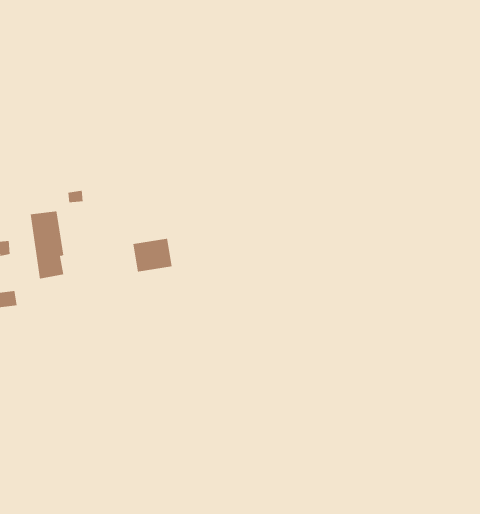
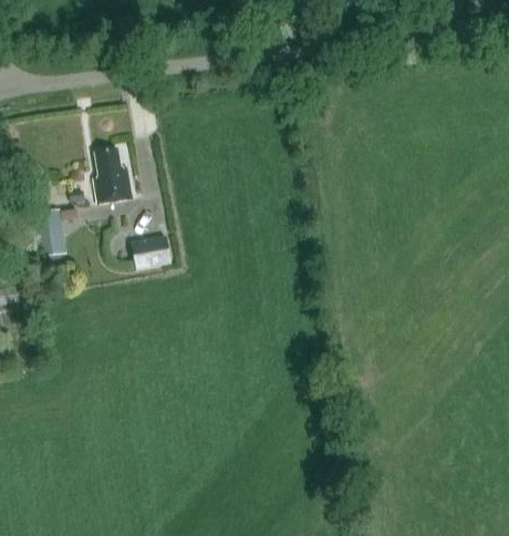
building: none -> [92,147,134,204]

